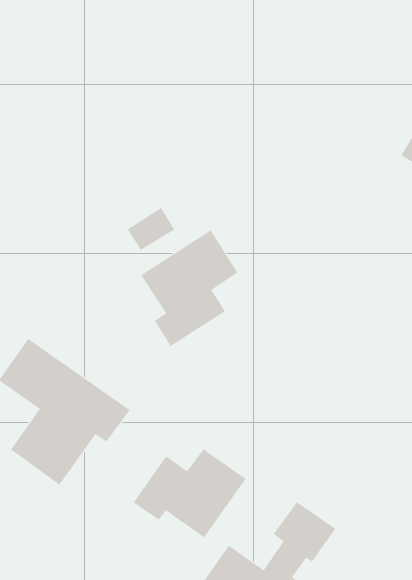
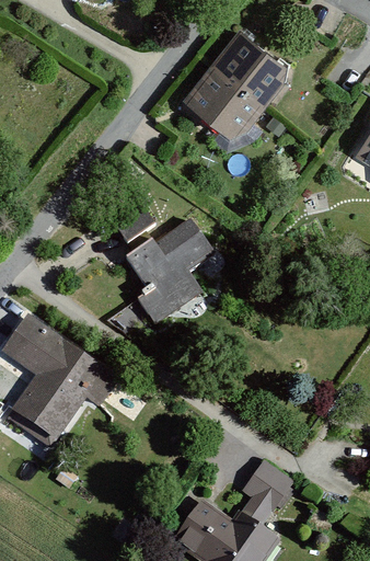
building: none -> [189,34,289,138]
building: [133,449,247,538] -> none

